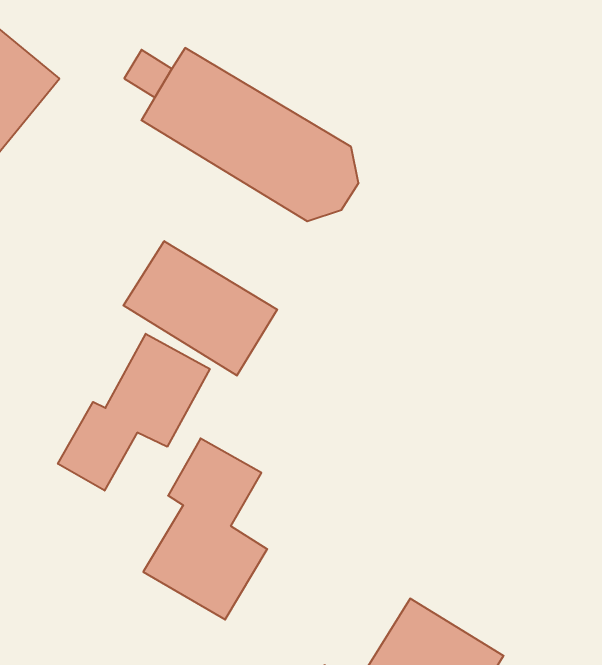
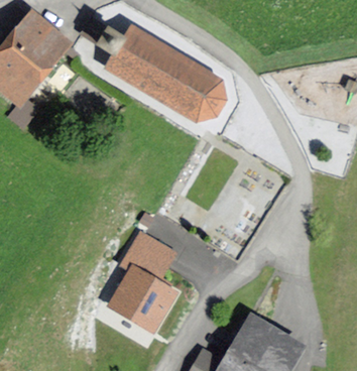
building: [123,241,277,376] -> none
building: [58,334,210,491] -> none

